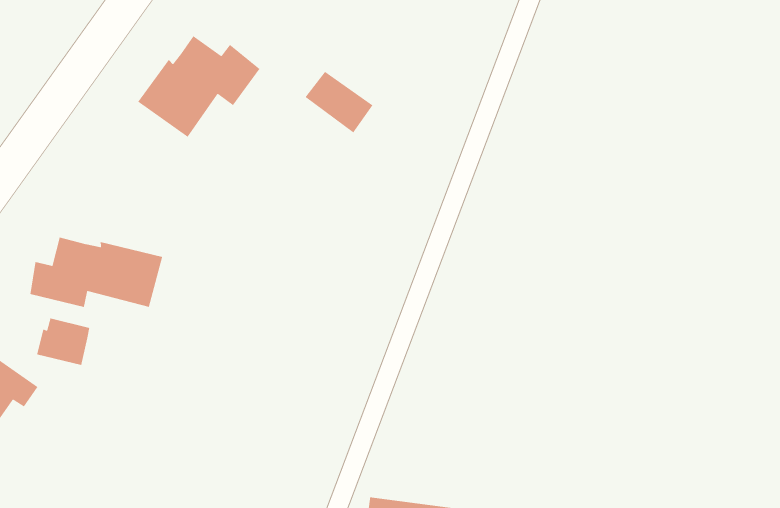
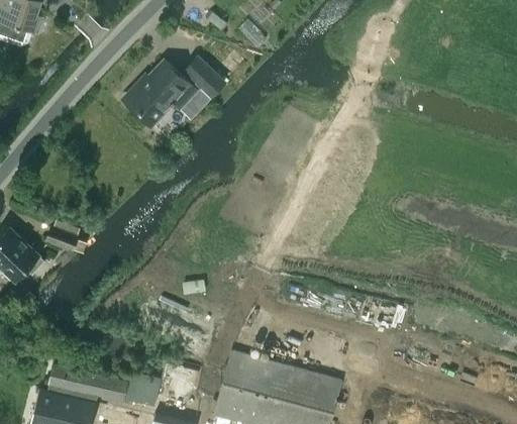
building: [304,71,373,133] -> [185,58,225,97]
building: [29,236,163,308] -> none

